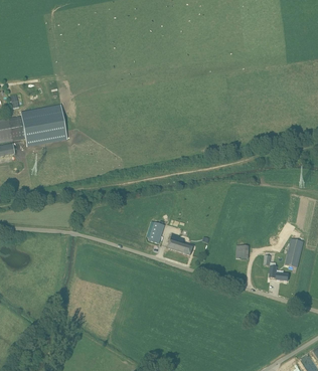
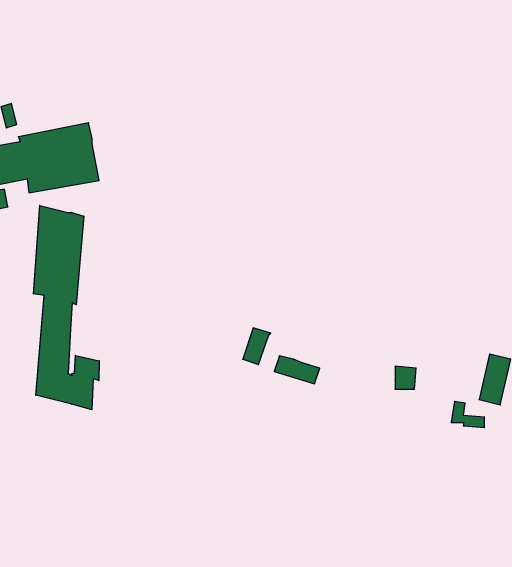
building: none -> [34,205,99,410]

